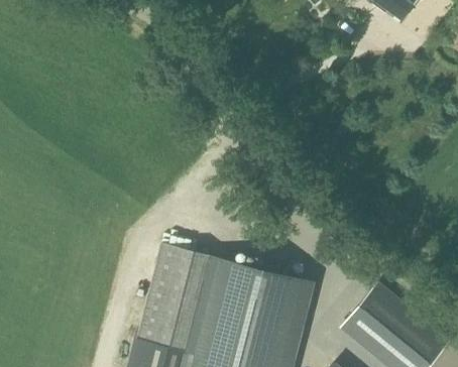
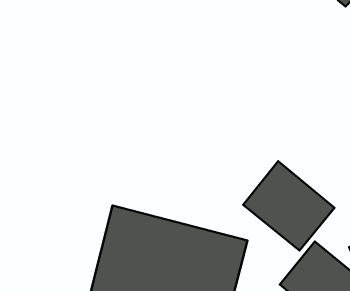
building: none -> [243,161,335,251]

